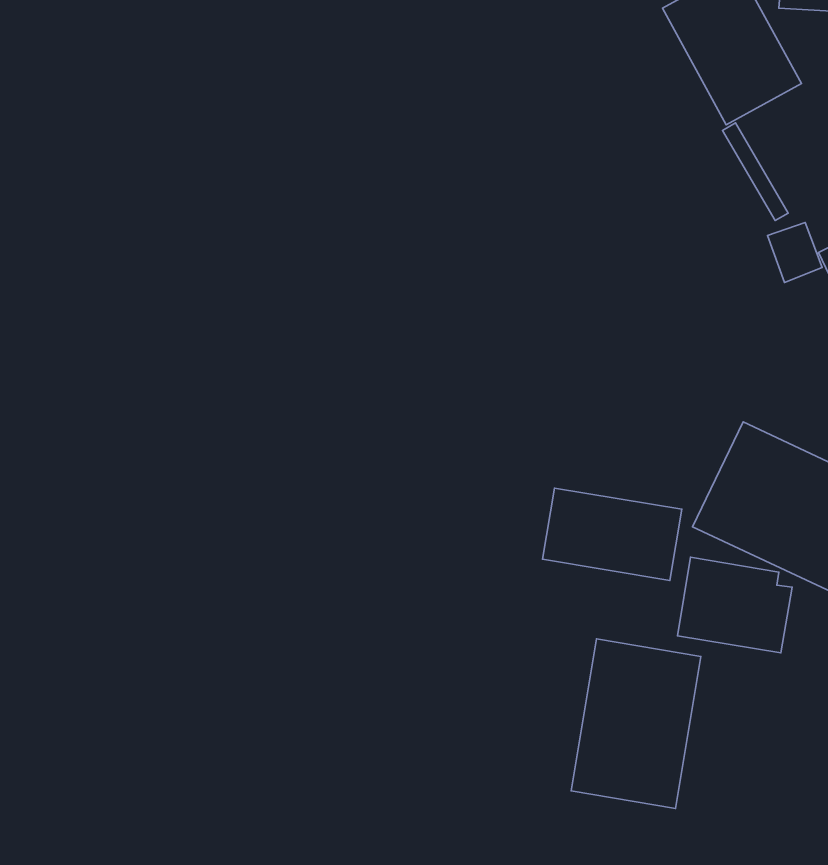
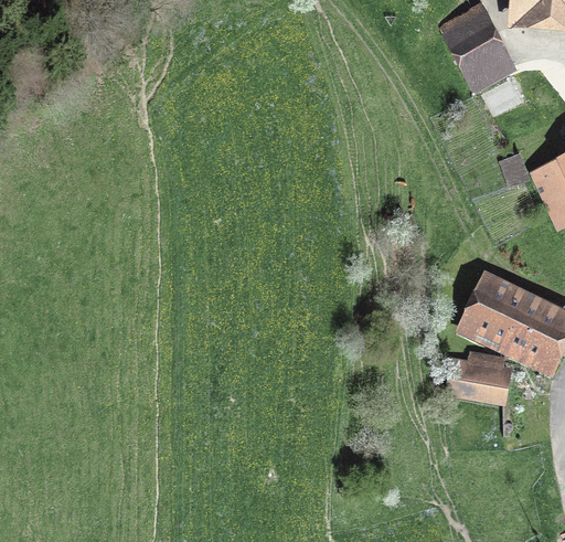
building: [542,488,682,581] -> none
building: [571,639,701,808] -> none

